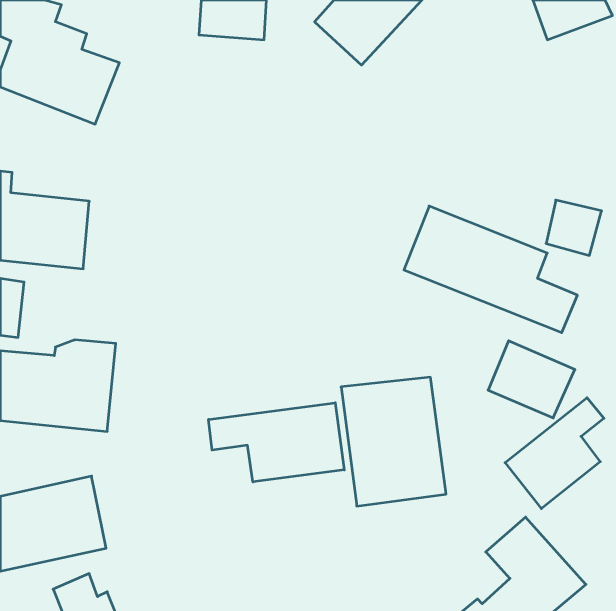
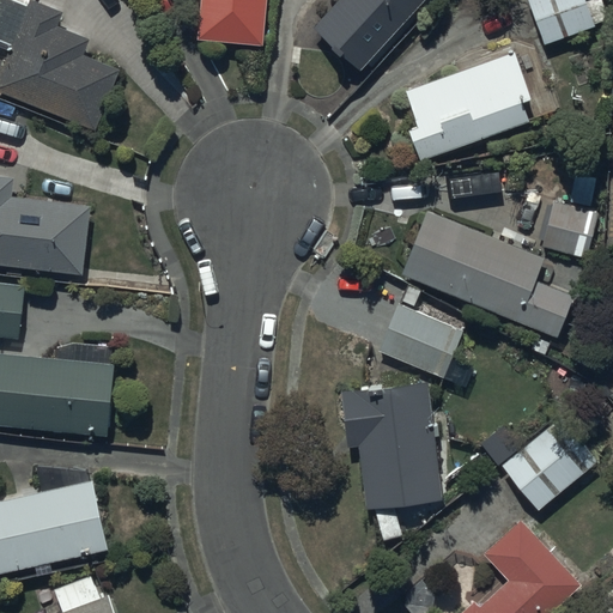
building: none -> [405,51,540,162]
building: [488,341,575,418] -> [377,303,463,380]
building: [209,403,344,482] -> none

